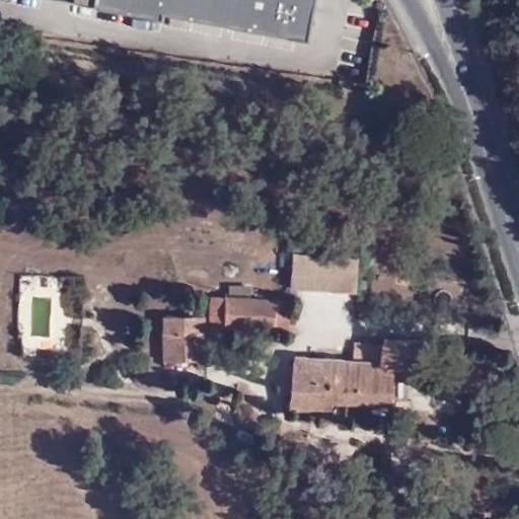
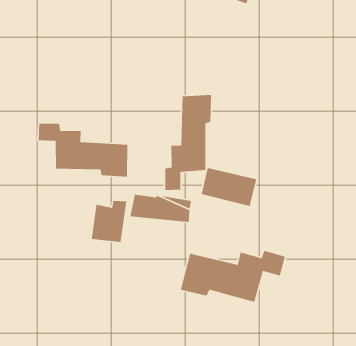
building: none -> [164,94,212,191]
building: none -> [38,123,128,178]

